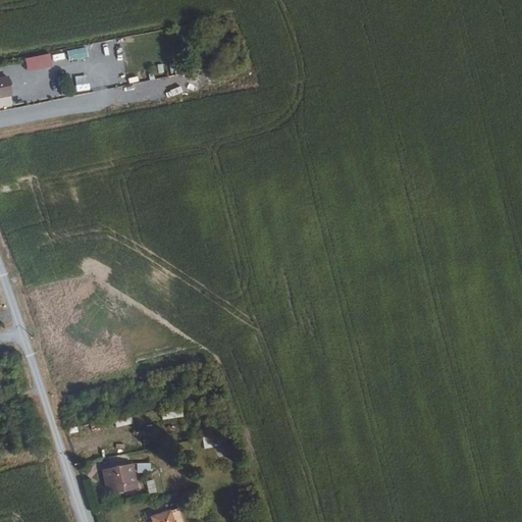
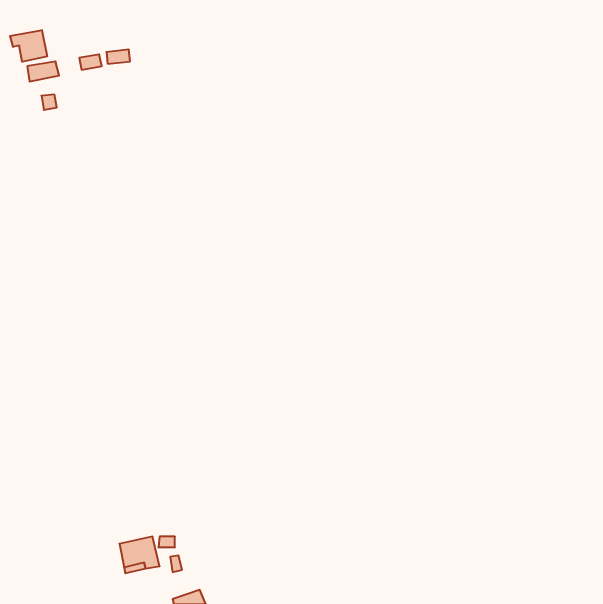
building: none -> [10,30,47,62]

